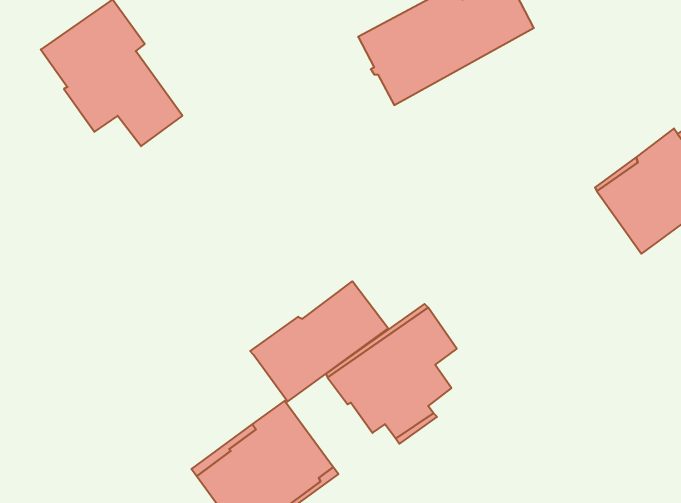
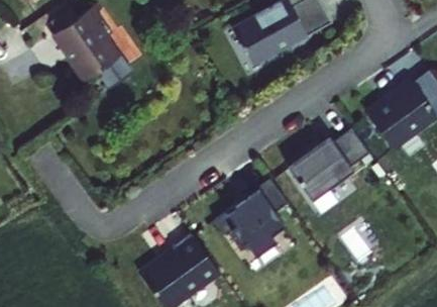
building: none -> [289,128,369,201]
building: [250,281,388,402] -> none

